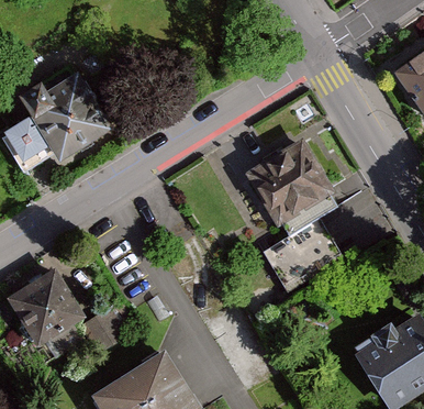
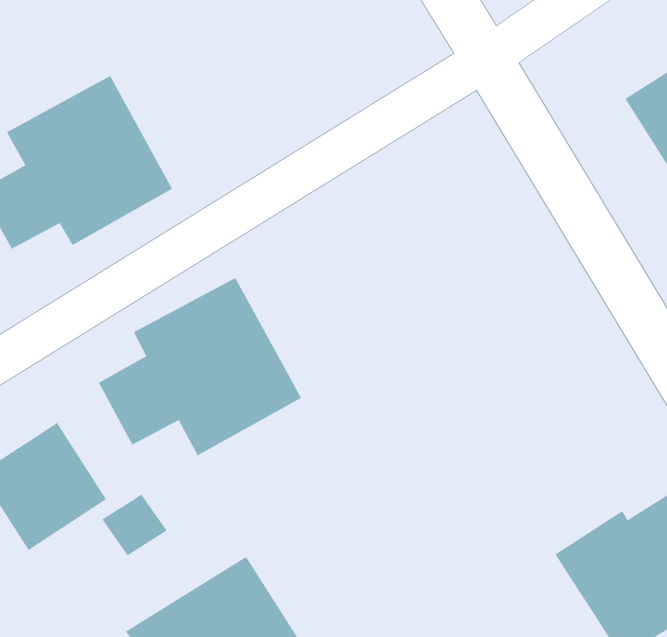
building: [241,140,337,288] -> none
building: none -> [98,277,302,456]

